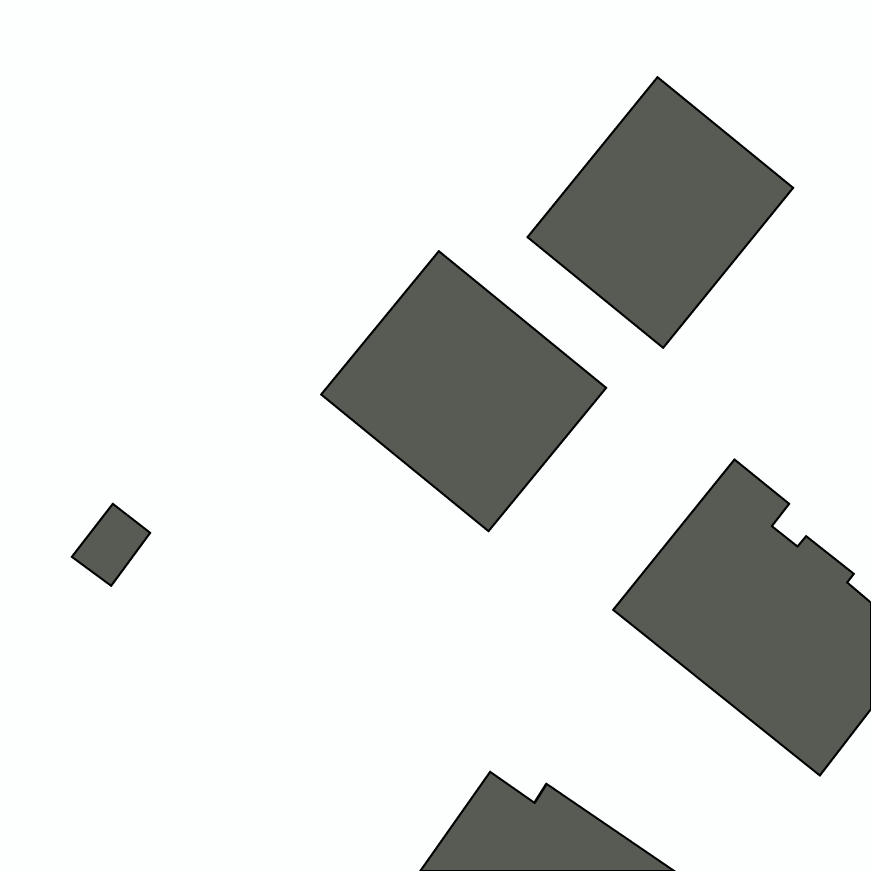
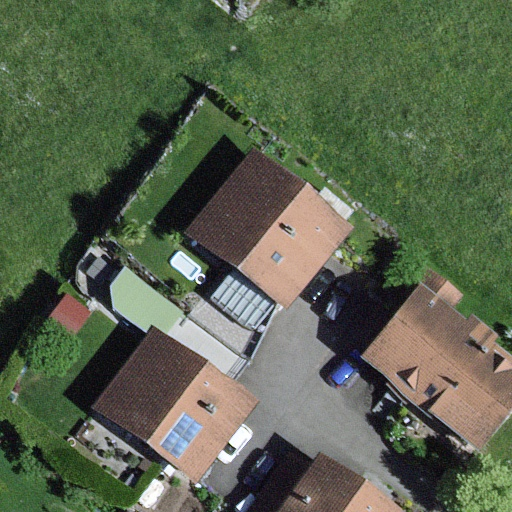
building: [528,77,793,348] -> none
building: none -> [92,325,257,483]

